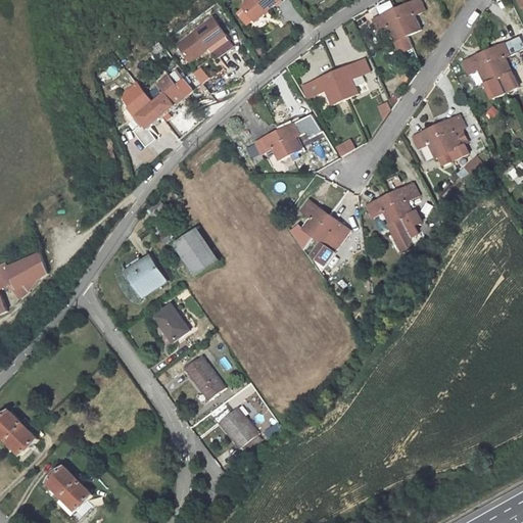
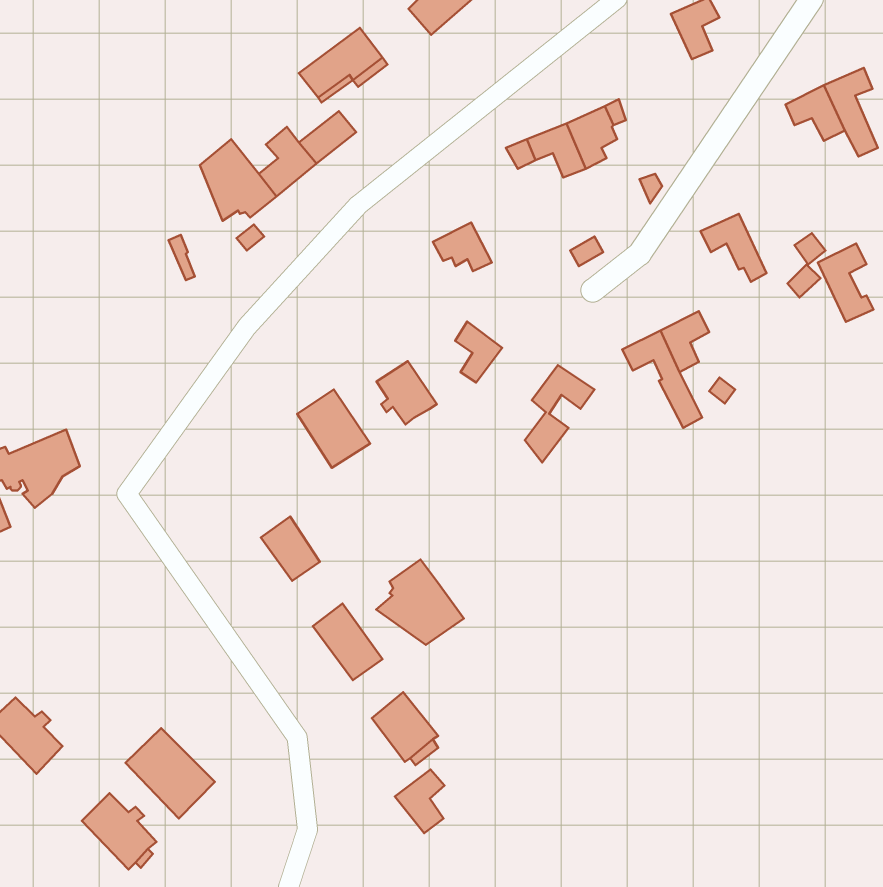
building: [372,8,407,41] -> none
building: [434,114,467,160] -> [818,243,874,322]
building: [277,118,306,154] -> none
building: [300,199,328,235] -> [455,322,502,382]
building: none -> [376,361,437,424]
building: [127,256,164,295] -> none
building: none -> [376,559,464,645]
building: none -> [126,728,215,818]
building: none -> [395,769,445,833]

